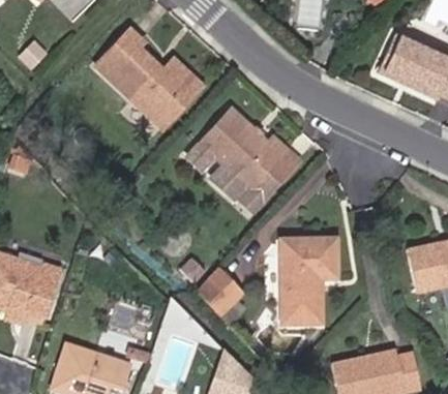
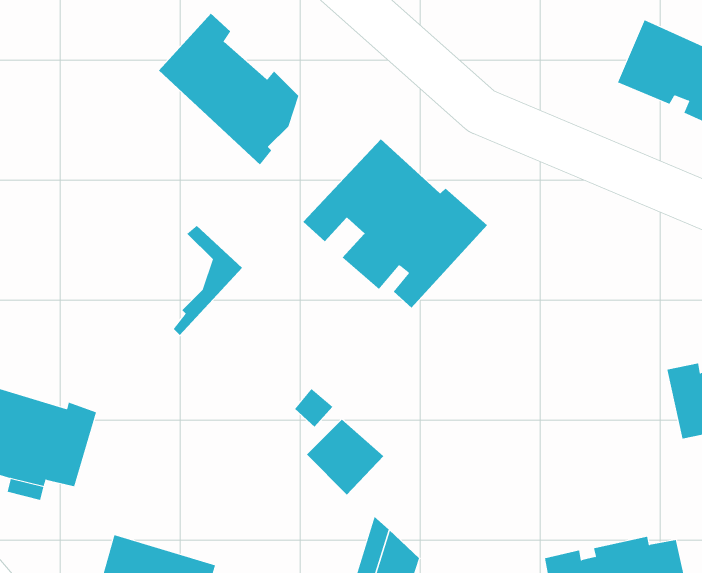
building: [159,60,202,127] -> [173,225,243,336]
building: [279,237,336,322] -> none

